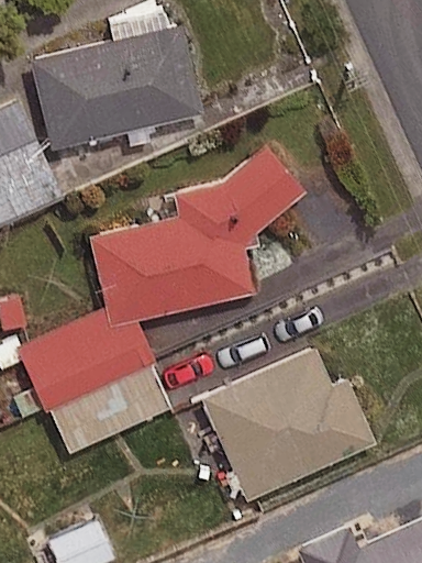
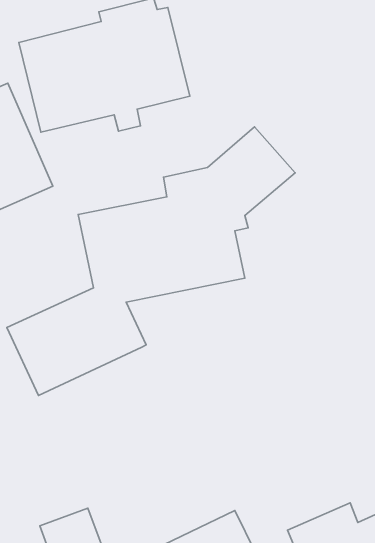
building: [202,349,374,499] -> none
building: [48,365,175,461] -> none

